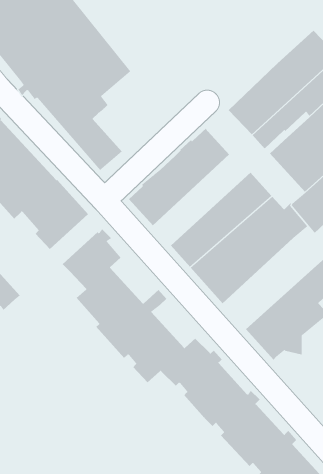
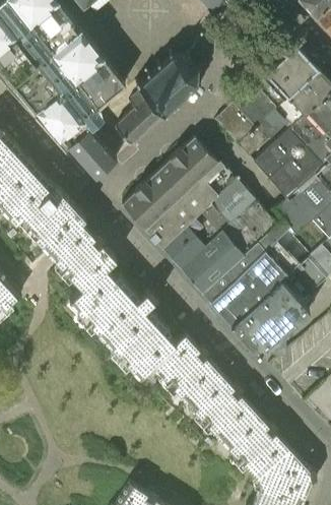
building: none -> [114,53,201,145]
building: none -> [144,162,236,249]
building: none -> [209,242,293,327]

